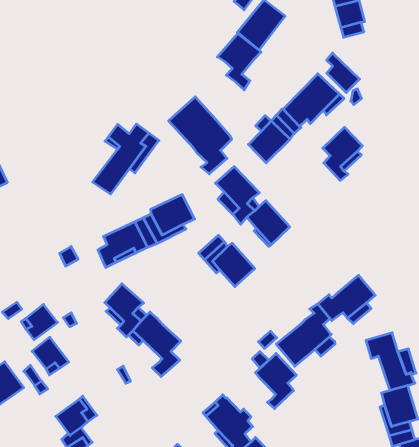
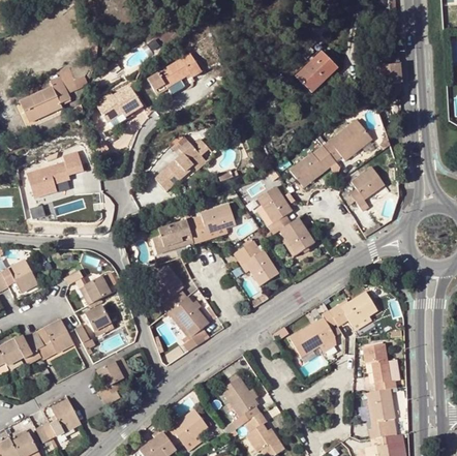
building: none -> [149,54,202,94]
building: [217,34,261,90] -> none
building: [327,53,360,93] -> none
building: none -> [96,84,142,121]
building: [169,97,232,174] -> none
building: [255,353,296,409] -> none

